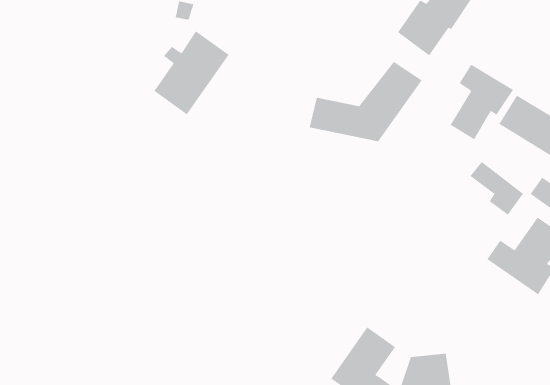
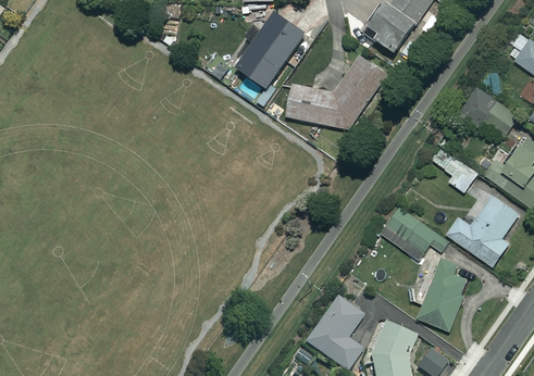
building: [153,31,229,115] -> [236,11,305,87]
building: [450,64,514,140] -> none
building: none -> [378,206,447,260]
building: none -> [413,255,465,330]

